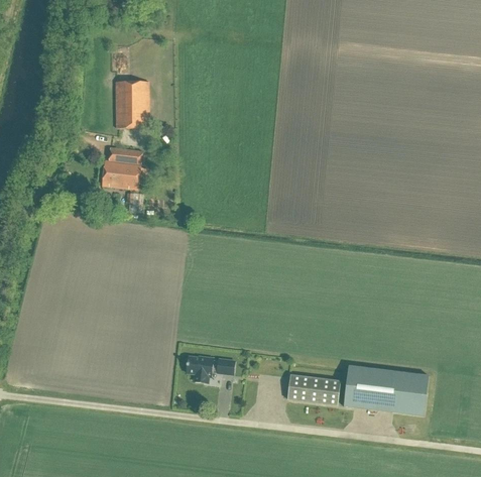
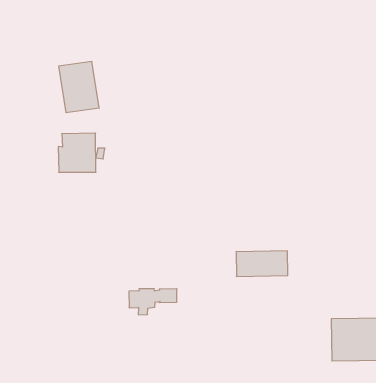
building: [186,355,235,381] -> [129,289,177,315]
building: [286,374,340,404] -> [236,251,288,276]

